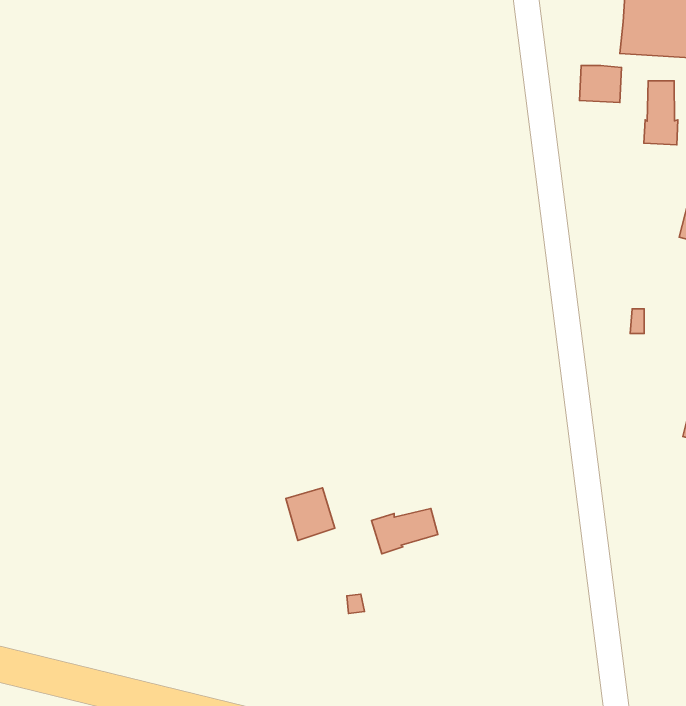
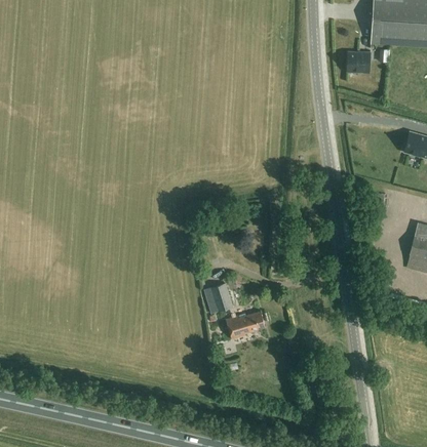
building: [644,81,678,145] -> none
building: [286,488,335,540] -> [204,282,233,313]

